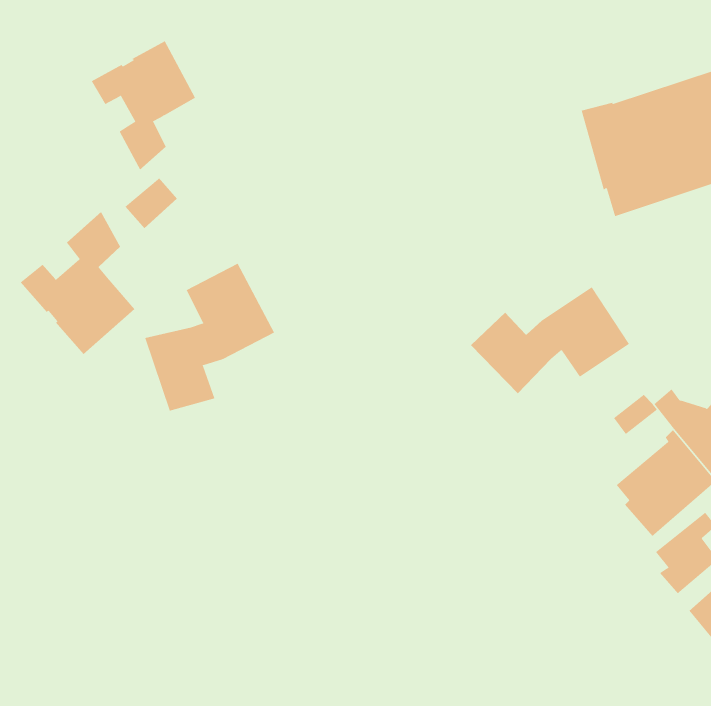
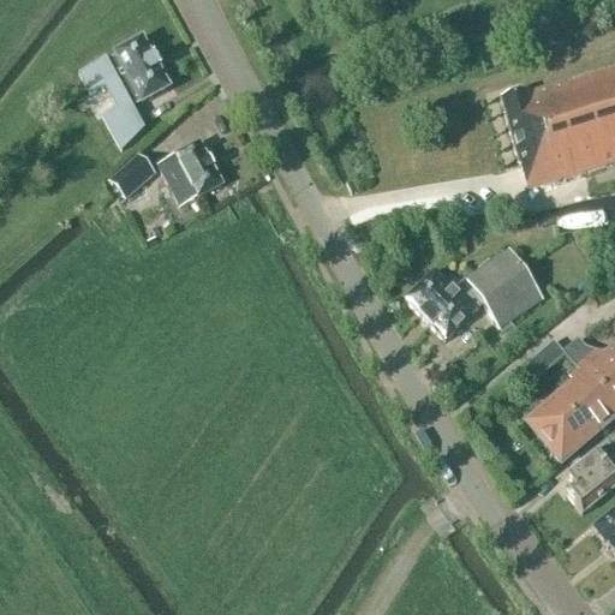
building: none -> [160,139,225,204]
building: [20,211,135,355] -> none
building: [144,263,275,411] -> none

